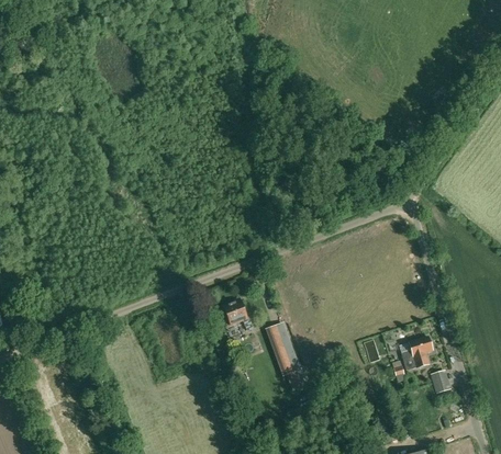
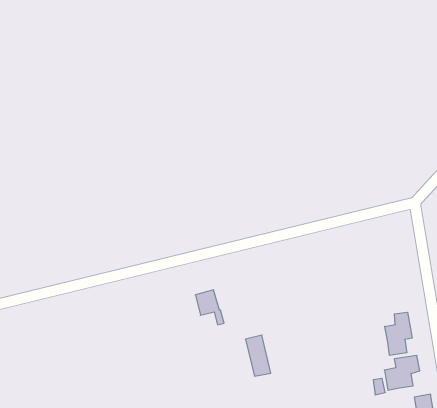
building: none -> [385,312,412,355]

